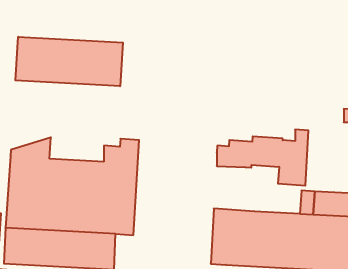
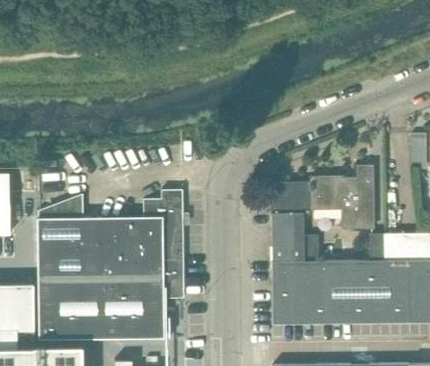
building: [15,37,123,86] -> none
building: none -> [272,212,318,261]

